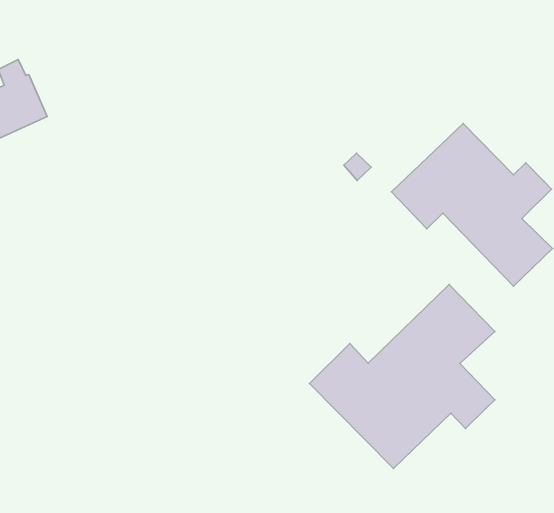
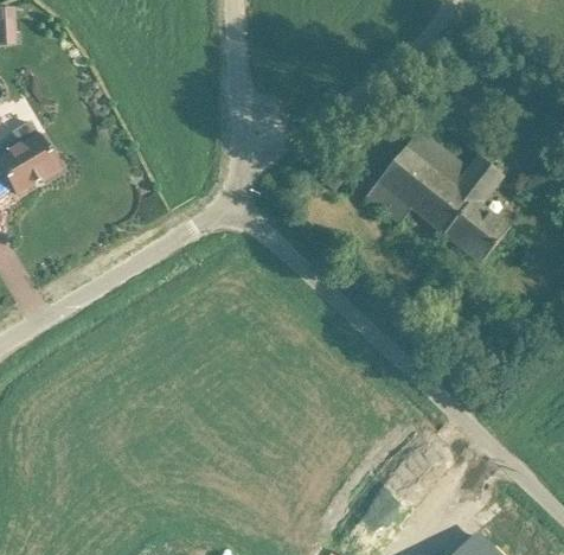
building: [310,284,495,469] -> none

